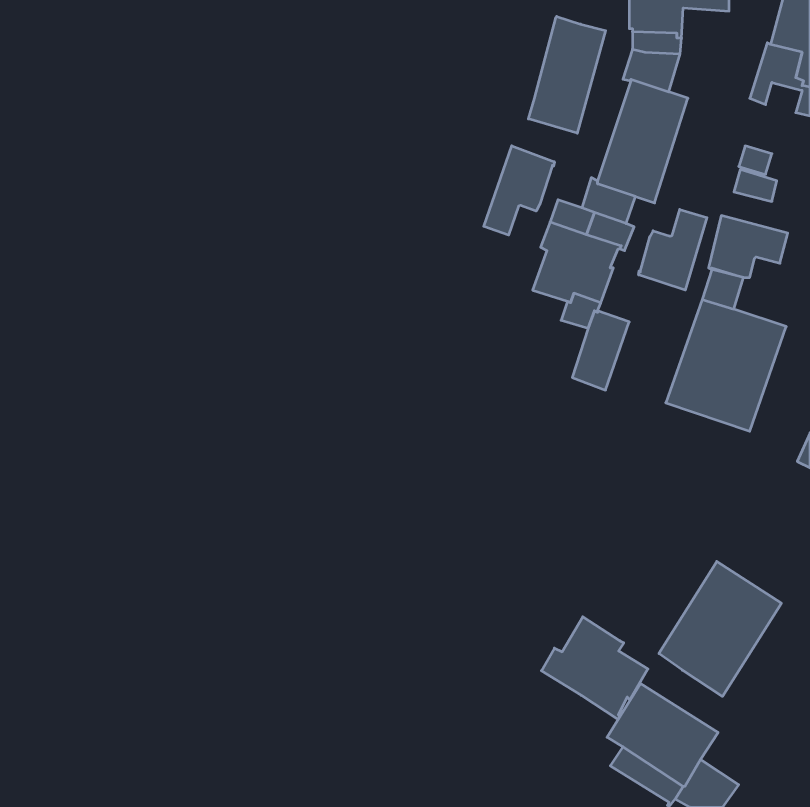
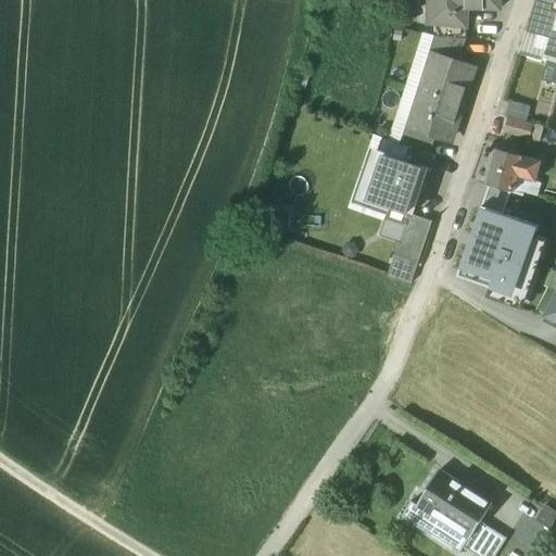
building: [528,16,606,133] -> none
building: [484,146,554,235] -> none
building: [639,209,707,290] -> none
building: [659,561,781,696] -> none
building: [541,617,648,719] -> none

